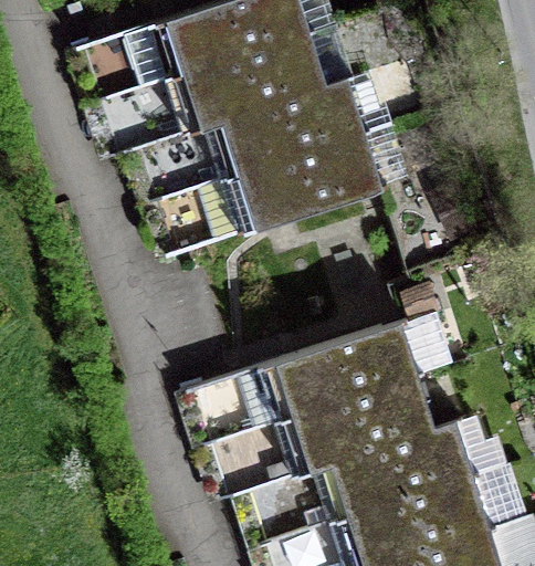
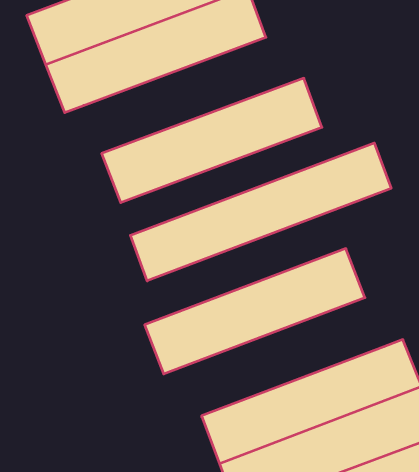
building: [143,76,382,200] -> none
building: none -> [130,143,391,281]
building: [213,371,453,496] -> none

